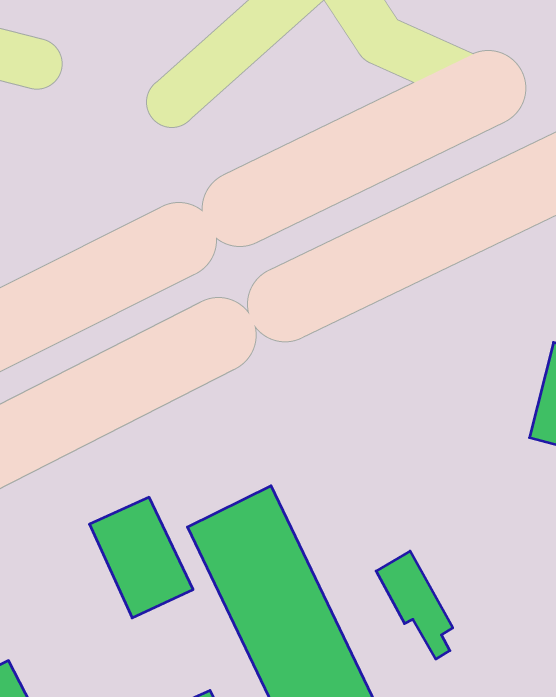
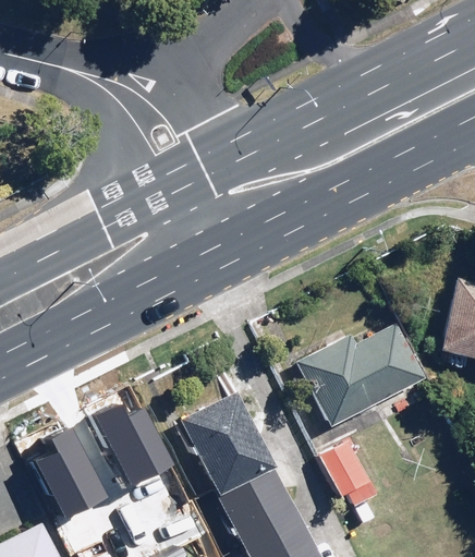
building: none -> [293,322,424,428]
building: none -> [36,428,115,521]

